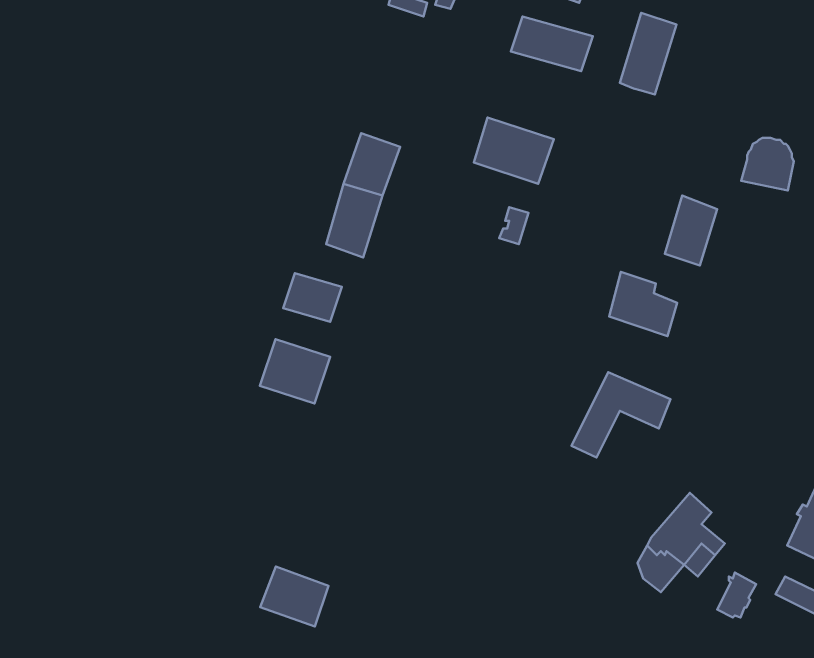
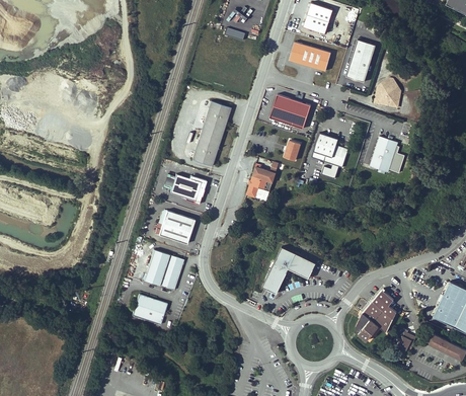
building: [741,138,794,190] -> [373,80,400,107]
building: none -> [246,164,275,197]
building: [609,272,677,336] -> [312,134,347,167]
building: [571,372,671,458] -> [261,246,313,291]
building: none -> [143,249,183,291]
building: [260,566,328,627] -> [131,294,166,325]

